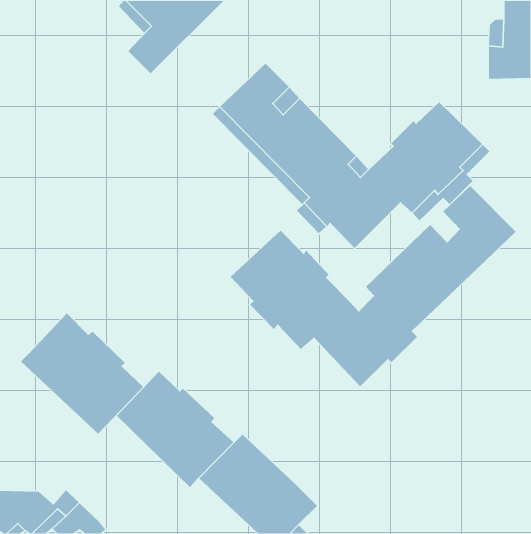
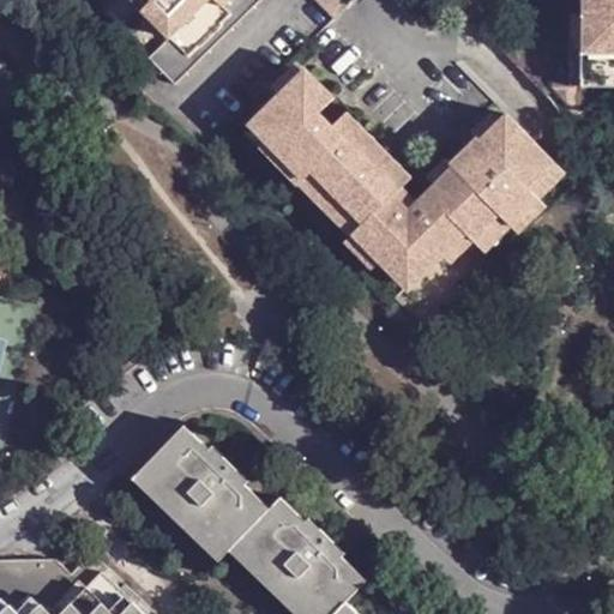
building: [230,185,516,387] -> none
building: [20,313,144,435] -> none

